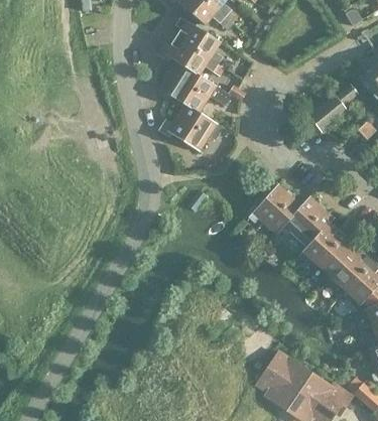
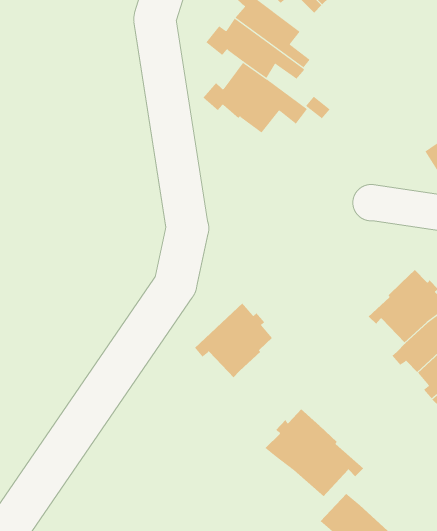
building: [159,103,223,151] -> none
building: [249,183,301,235] -> [194,302,273,378]
building: none -> [264,408,364,497]

